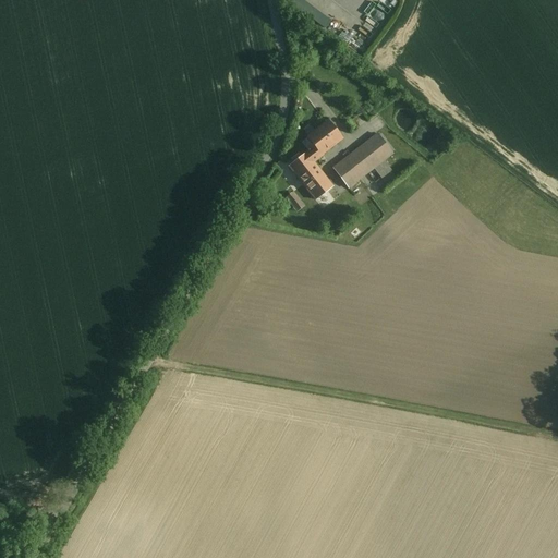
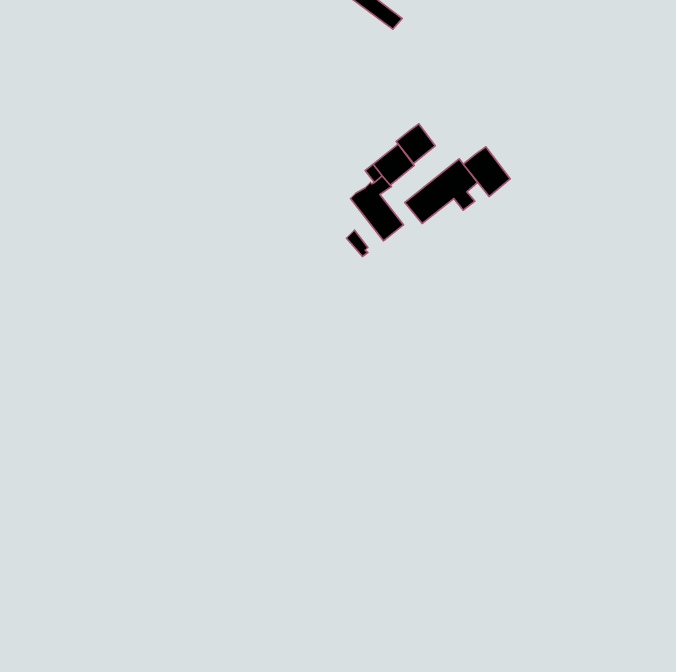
building: none -> [396,124,435,164]
building: none -> [463,147,510,197]

